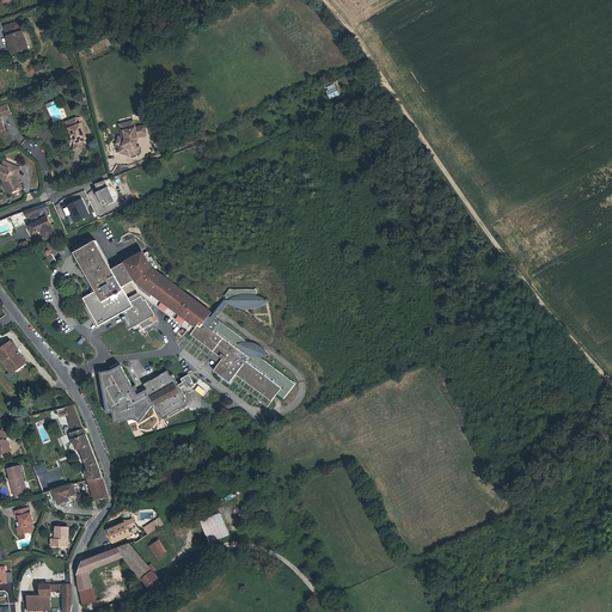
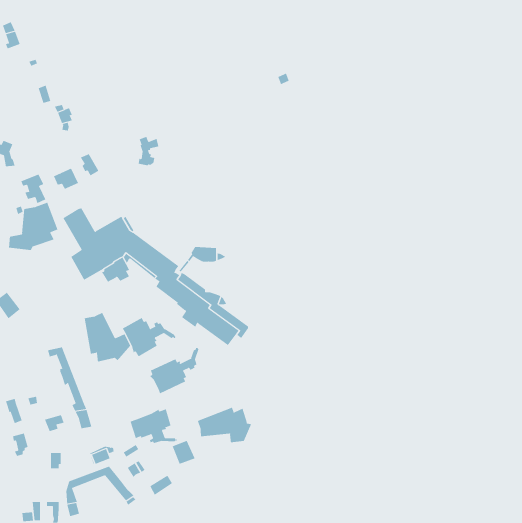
building: [121,122,146,157] -> [138,136,159,166]
building: none -> [9,202,58,251]
building: none -> [149,347,199,394]
building: none -> [197,407,252,443]
building: none -> [130,409,178,444]

